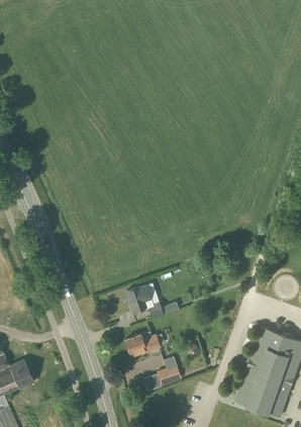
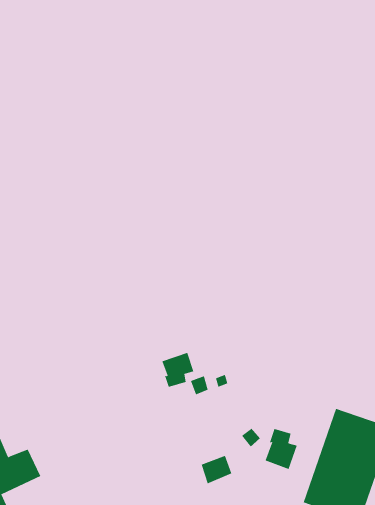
building: [124,332,159,356] -> none
building: none -> [265,428,297,470]

